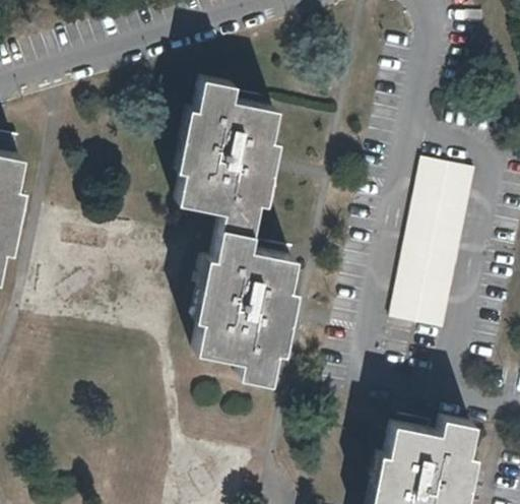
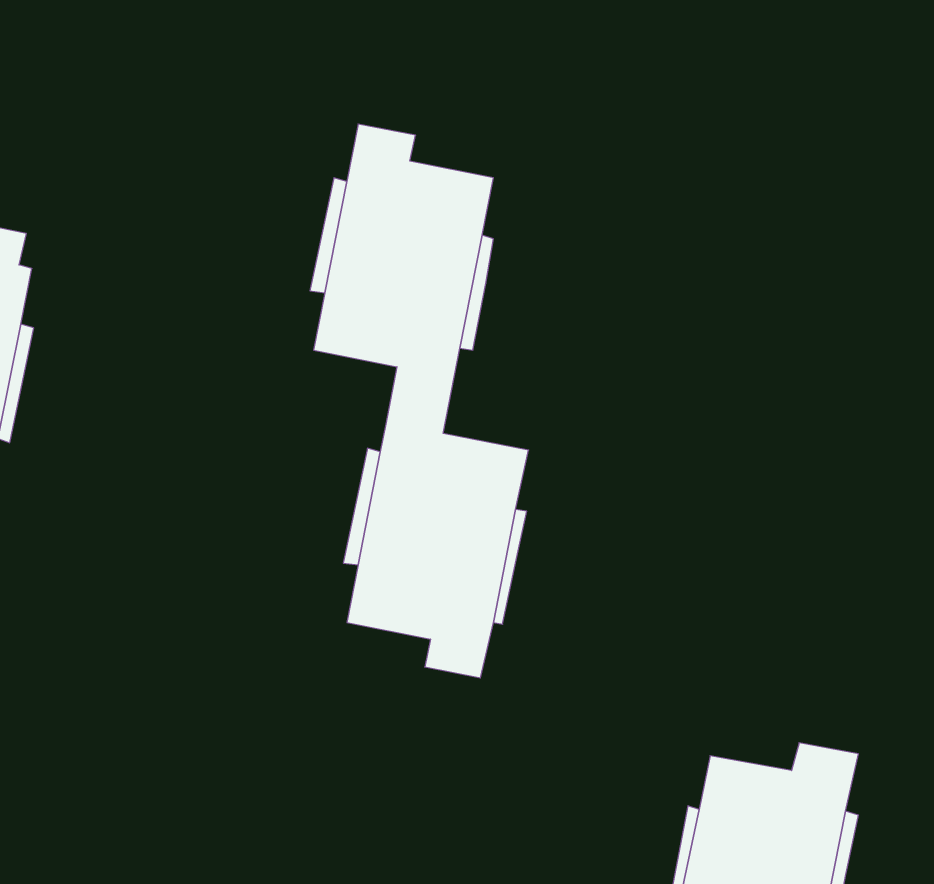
building: [393,164,475,333] -> none

